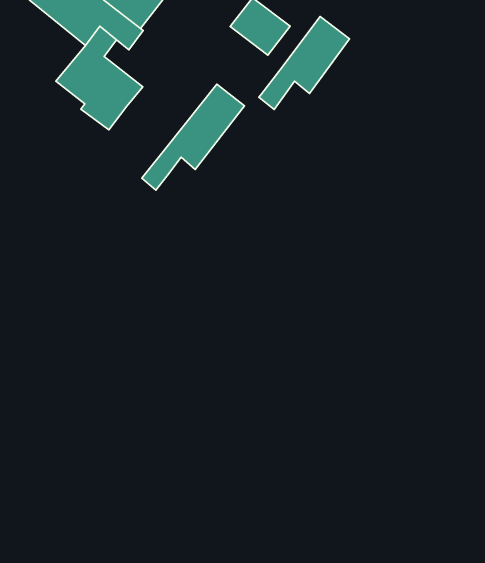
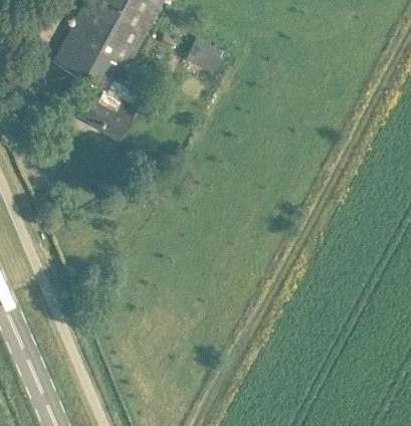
building: [259,16,350,110] -> none
building: [142,84,244,190] -> none

